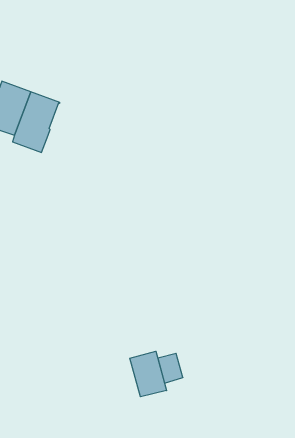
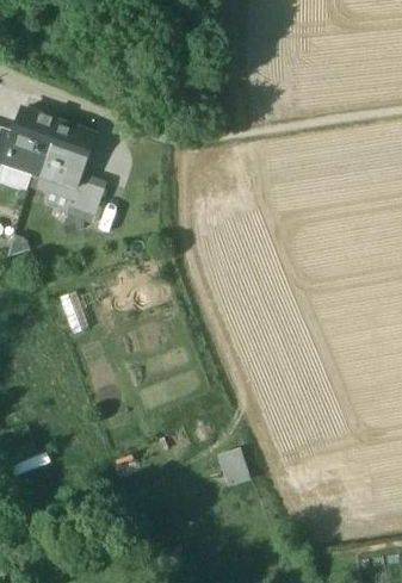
building: none -> [67,175,104,222]
building: [130,351,167,397] -> none

